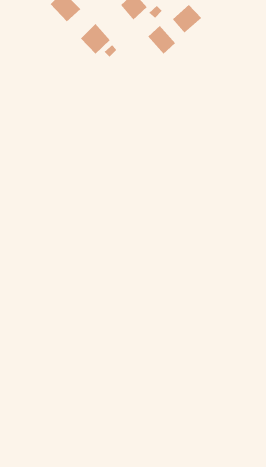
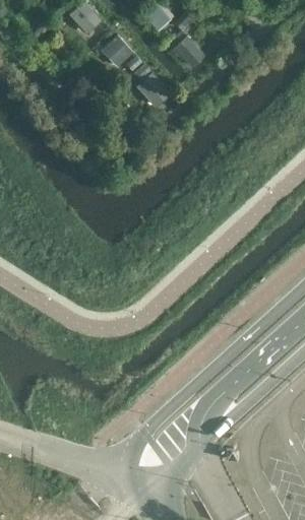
building: [172,4,202,33] -> none
building: none -> [133,64,172,108]

